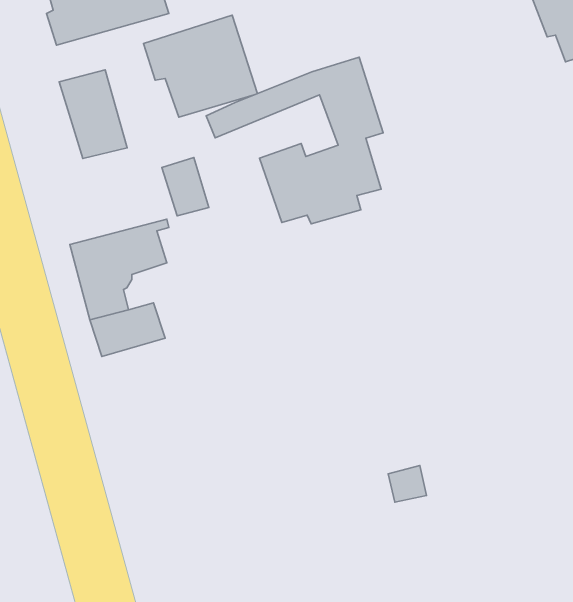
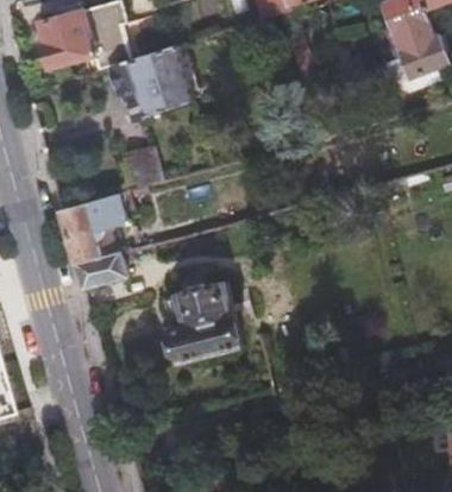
building: [206,57,383,224] -> none
building: [59,70,127,159] -> none
building: none -> [167,279,241,357]

